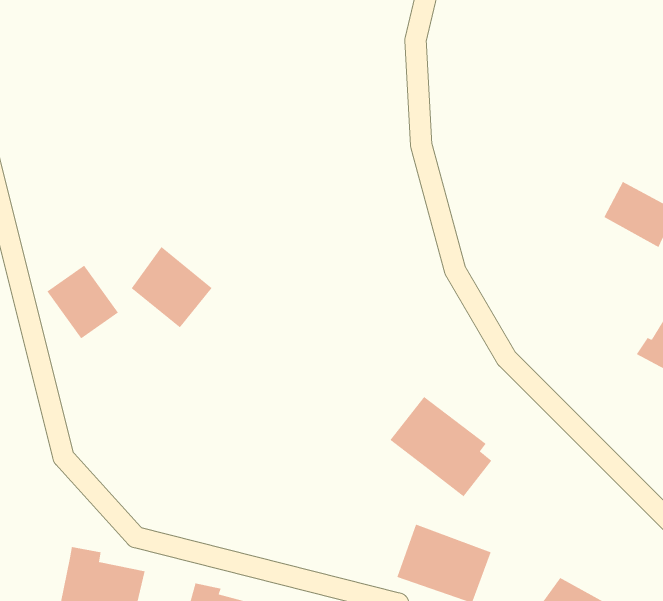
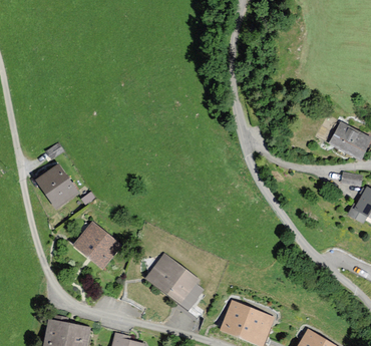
building: [131,246,212,328] -> [75,224,118,267]
building: [390,396,492,497] -> [146,255,201,308]

